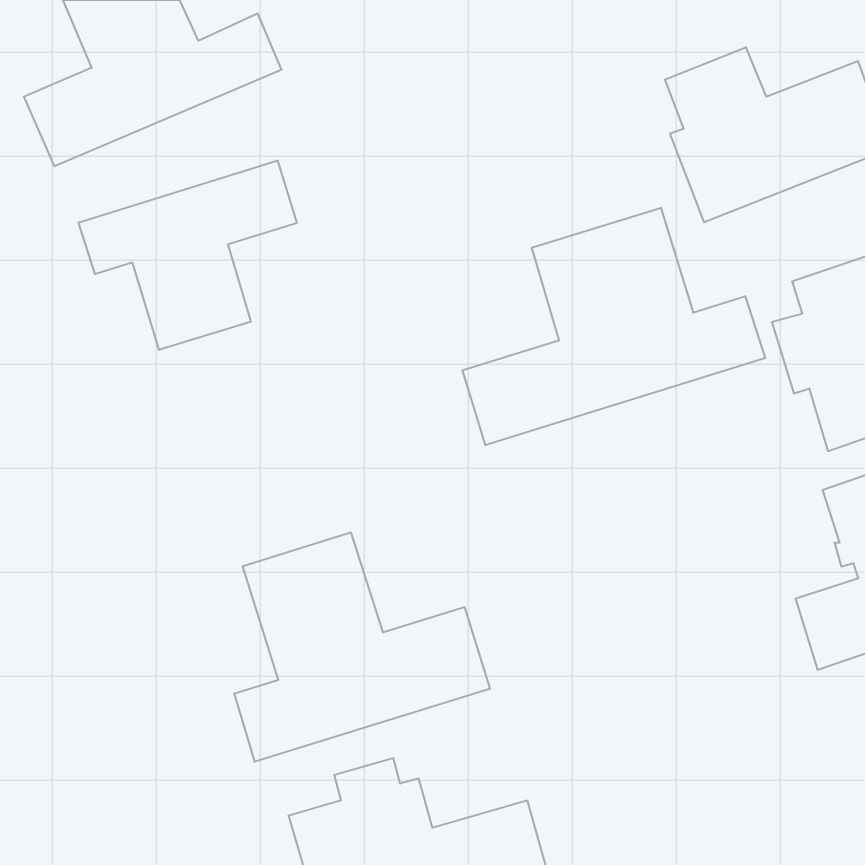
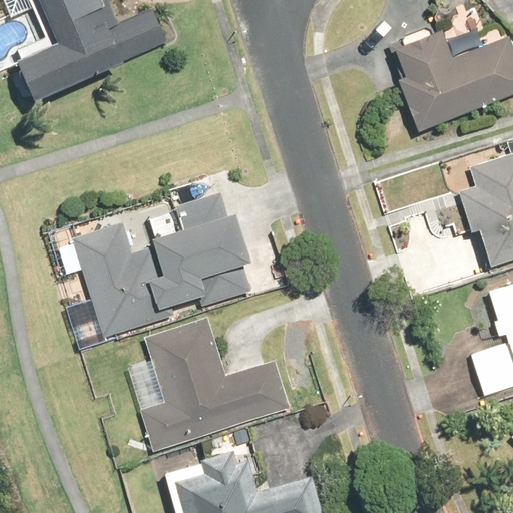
building: [79,161,297,350] -> none
building: [463,208,765,445] -> none
building: none -> [71,192,252,339]

